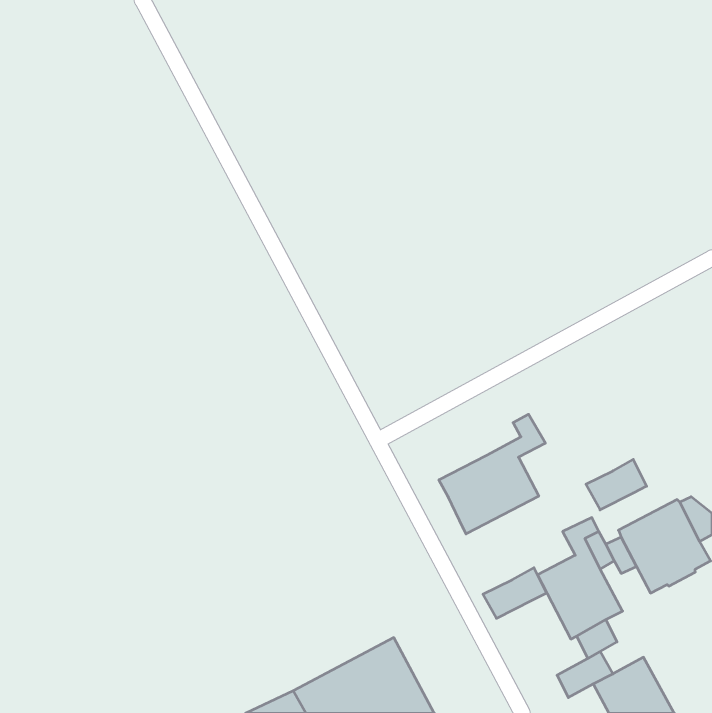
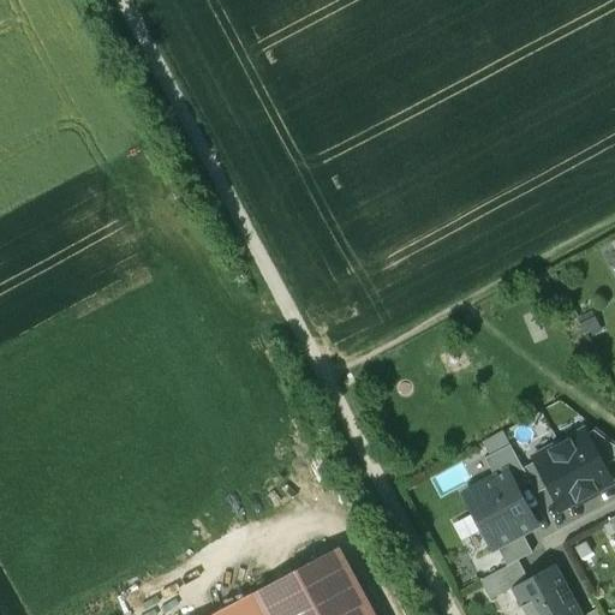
building: [439,414,545,534] -> none
building: [586,459,647,510] -> none
building: [483,568,546,618] -> none

